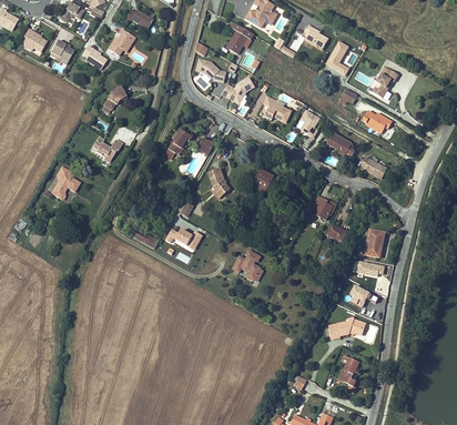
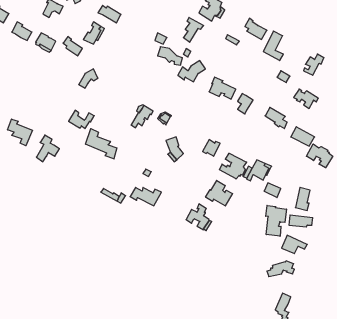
building: none -> [8,119,33,146]
building: none -> [86,129,117,159]
building: none -> [306,144,333,168]
building: none -> [219,153,247,179]
building: none -> [206,180,233,206]
building: none -> [266,205,286,236]

